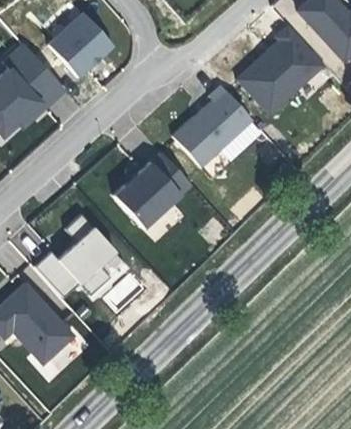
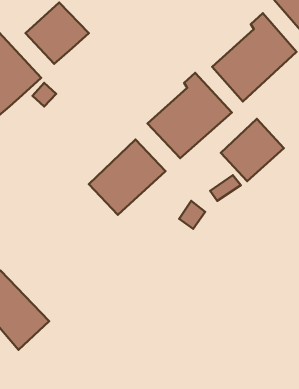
building: none -> [221,119,284,181]
building: [35,215,114,297] -> none

